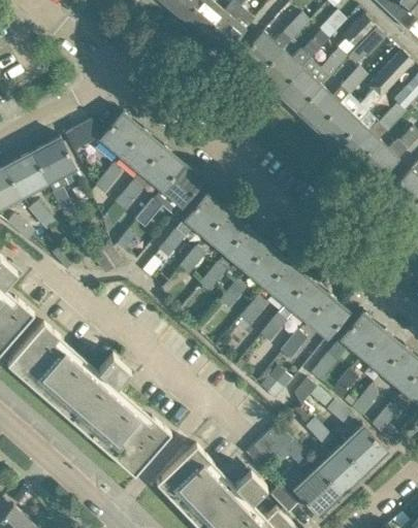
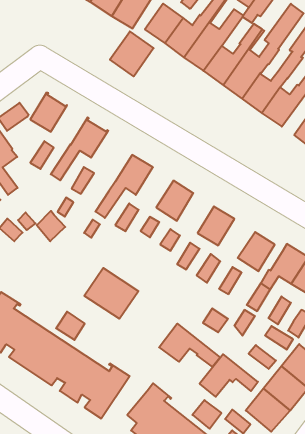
building: none -> [110,31,154,76]
building: [121,129,163,172] -> none
building: [161,163,204,207] -> none
building: [204,209,248,254] -> none
building: [246,243,288,288] -> none
building: [287,277,329,321] -> none
building: none -> [84,268,138,319]
building: none -> [159,324,220,367]

